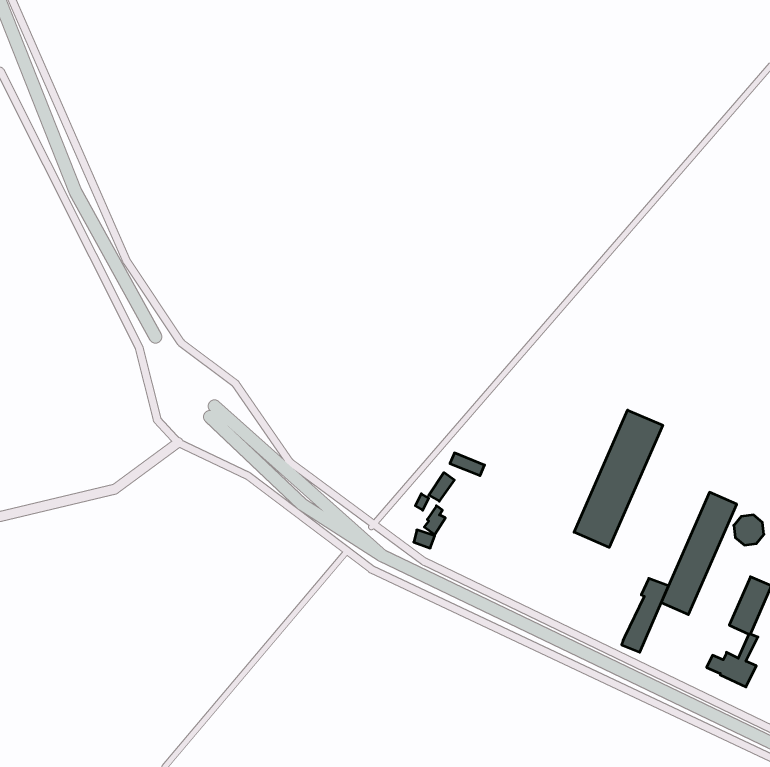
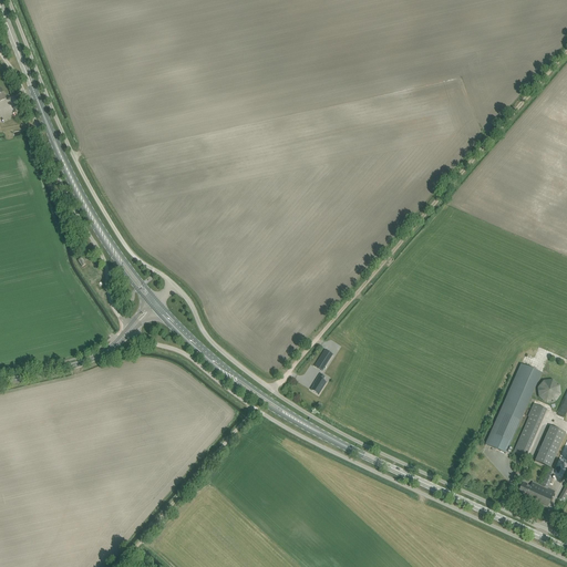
building: [574,410,663,547] -> none
building: [622,578,668,652] -> [514,401,548,455]

